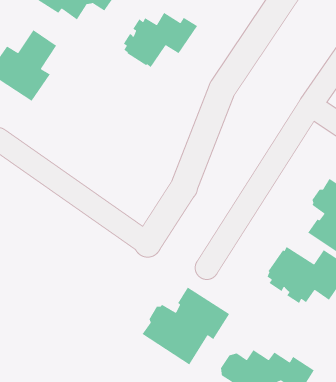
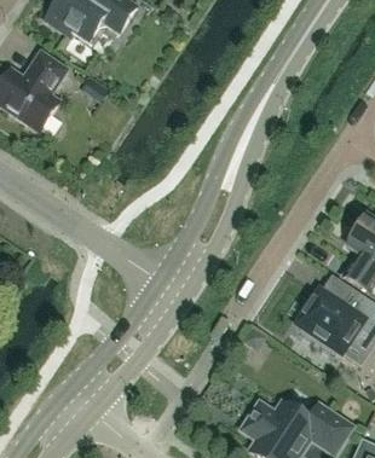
building: [123,12,198,68] -> none
building: [141,287,230,366] -> none

